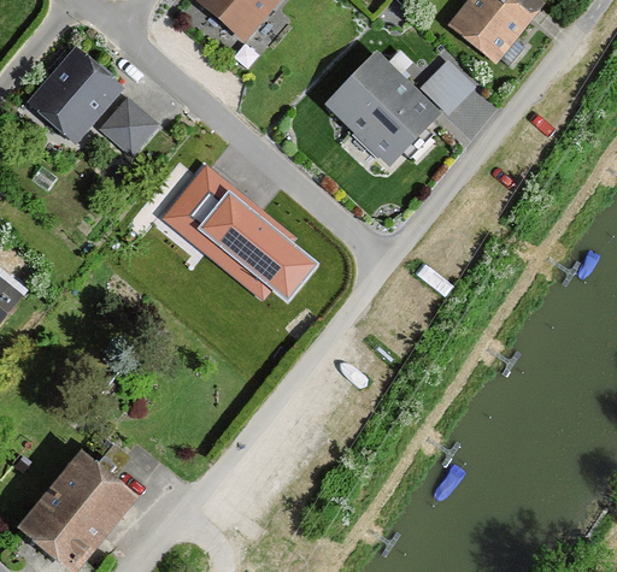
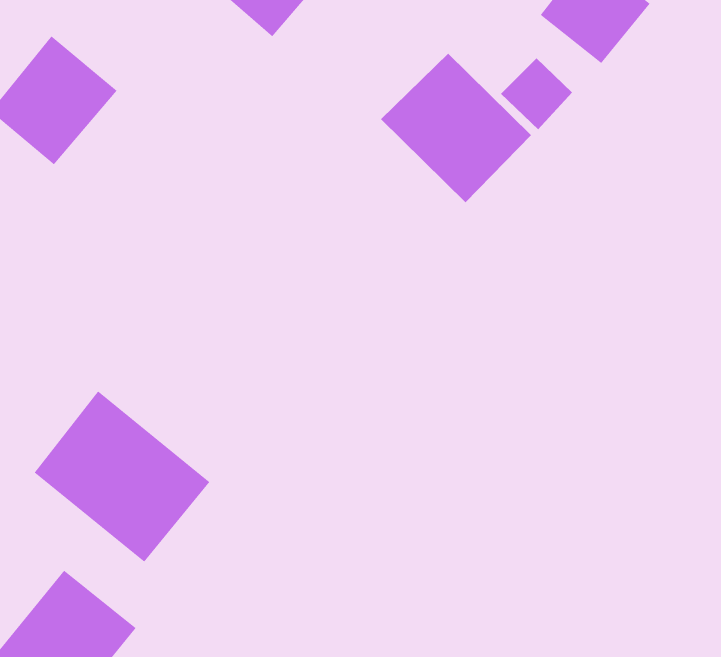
building: [98,94,159,154] -> none
building: [163,166,313,299] -> none
building: none -> [34,390,210,563]

